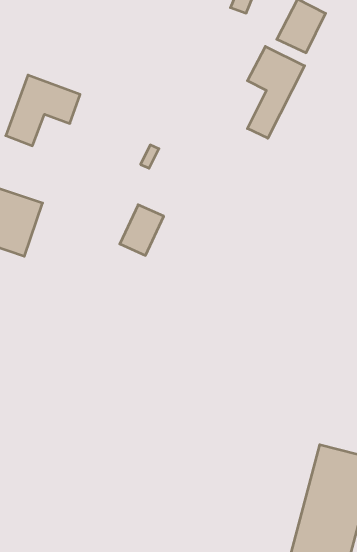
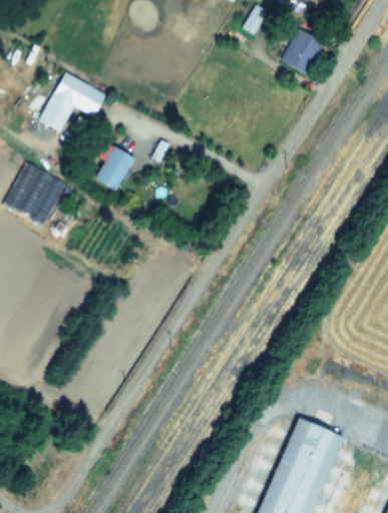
building: [247,46,305,138] -> none
building: [120,205,164,255] -> [97,147,137,191]

